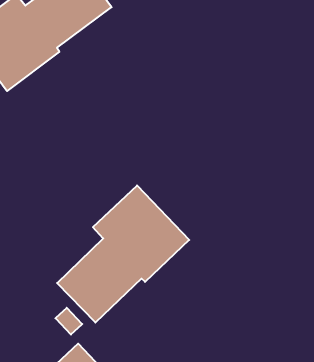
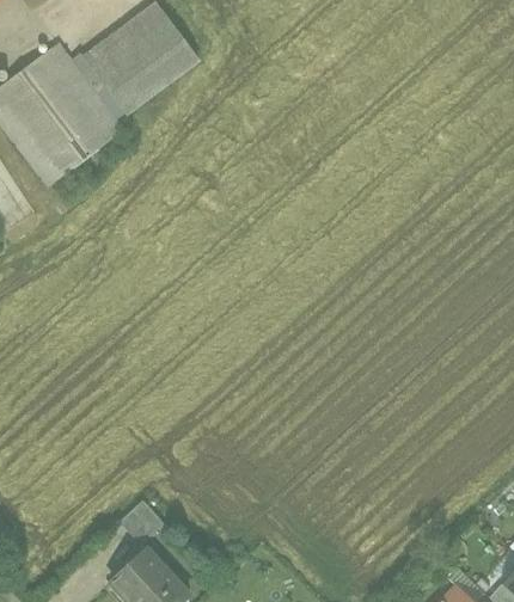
building: [57,185,189,323] -> none

